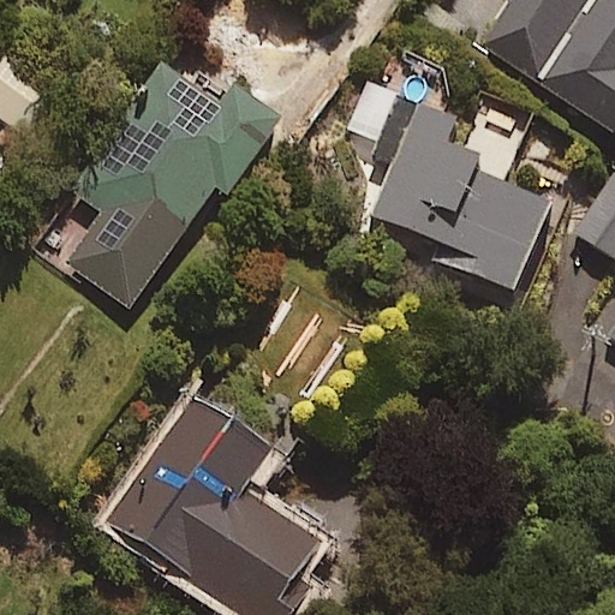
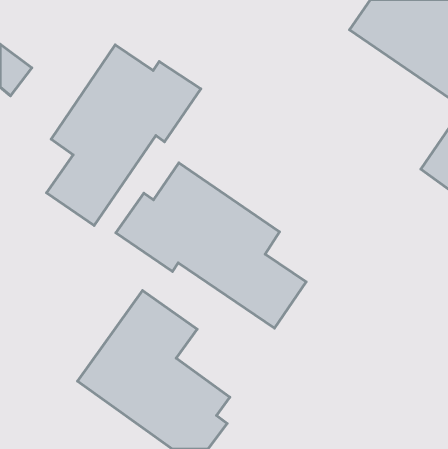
building: [364,86,550,285] -> none
building: none -> [116,163,306,328]

